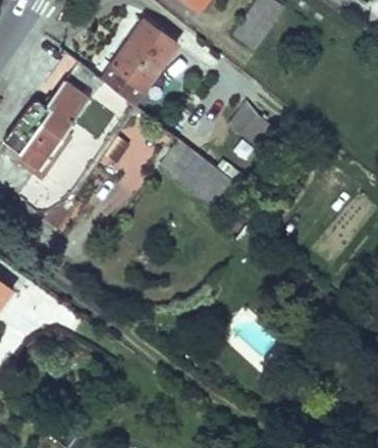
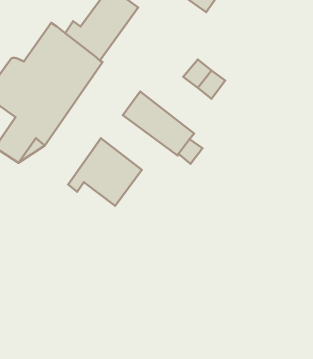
building: none -> [68,138,142,206]

